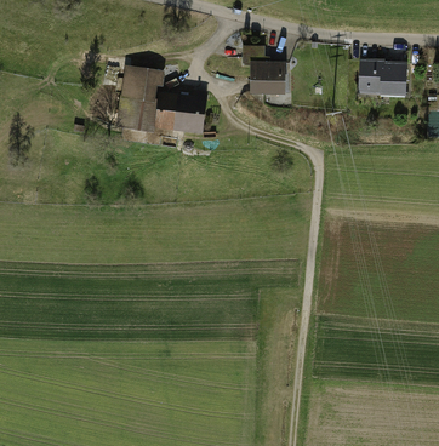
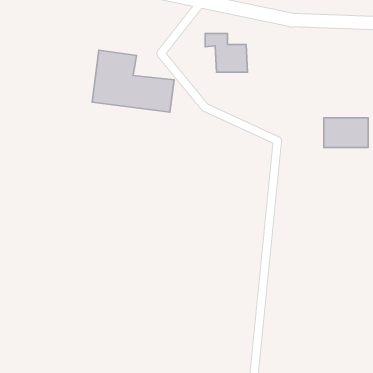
building: [358,62,406,95] -> [324,118,368,148]

